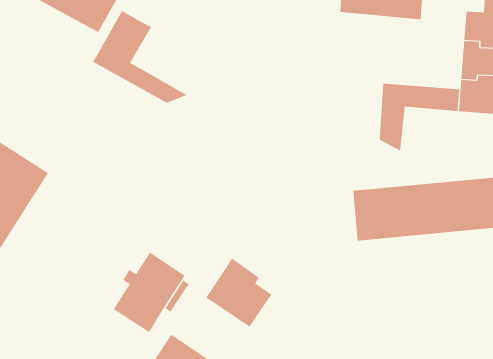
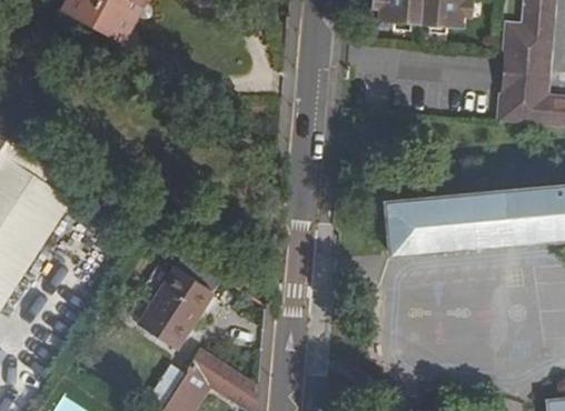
building: [92,10,188,103] -> none
building: [379,83,460,151] -> none
building: [205,257,272,327] -> none

